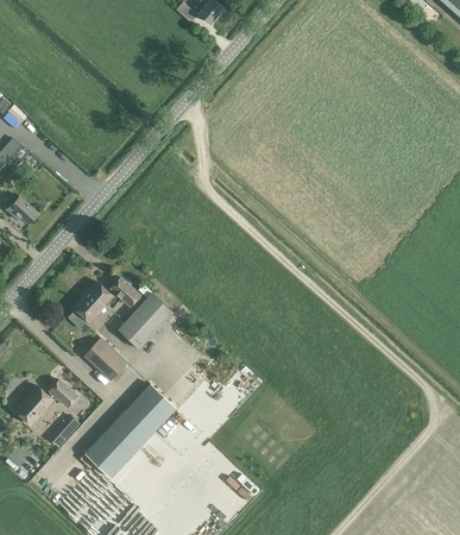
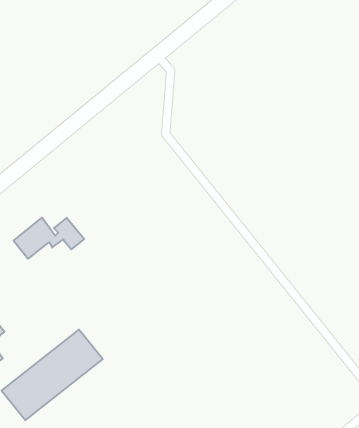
building: [118,292,174,350] -> none
building: [84,336,126,378] -> none

